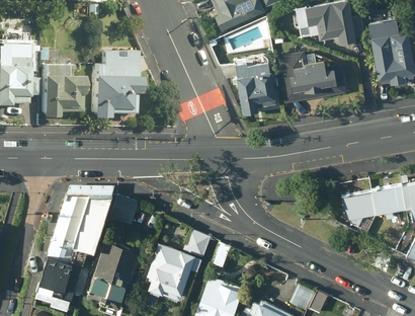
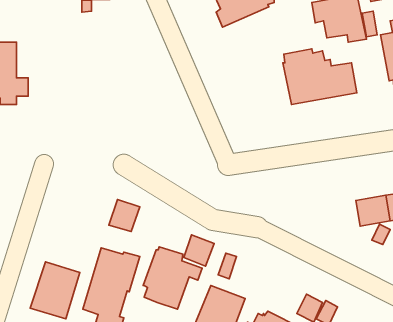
building: [88,48,134,118] -> none
building: [234,64,276,118] -> none
building: [38,67,78,120] -> none
building: [54,192,116,263] -> none

